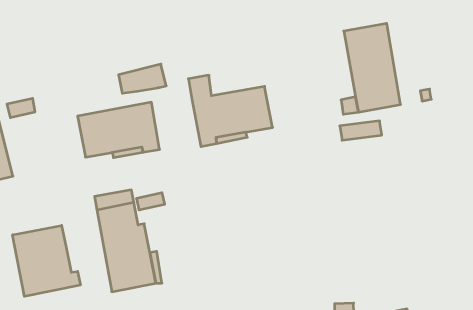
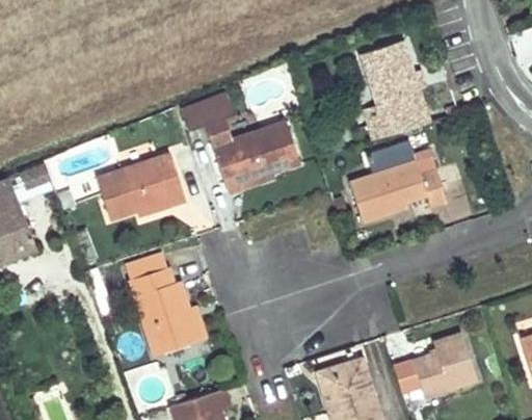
building: [119,64,166,93] -> [184,93,235,128]
building: none -> [349,154,447,221]
building: [13,225,80,296] -> none

